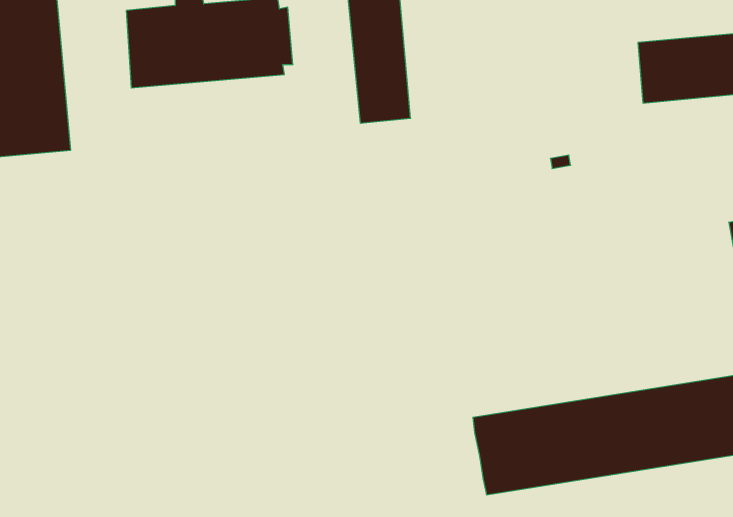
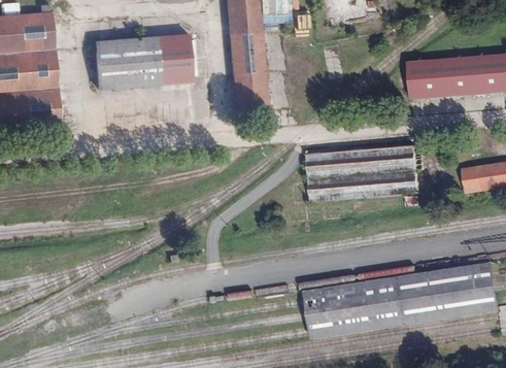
building: none -> [307,145,424,201]

